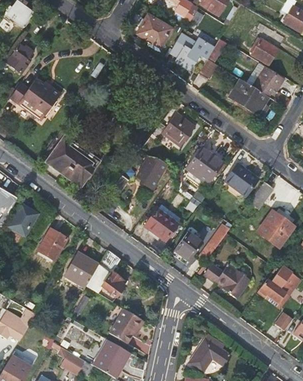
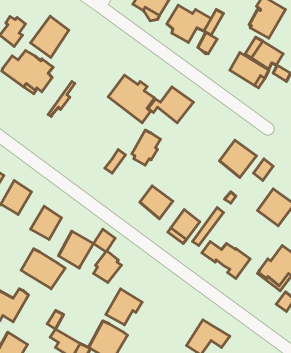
building: none -> [30,16,69,58]
building: [46,141,91,187] -> [108,75,154,123]
building: [184,147,223,184] -> none
building: none -> [21,249,65,289]

